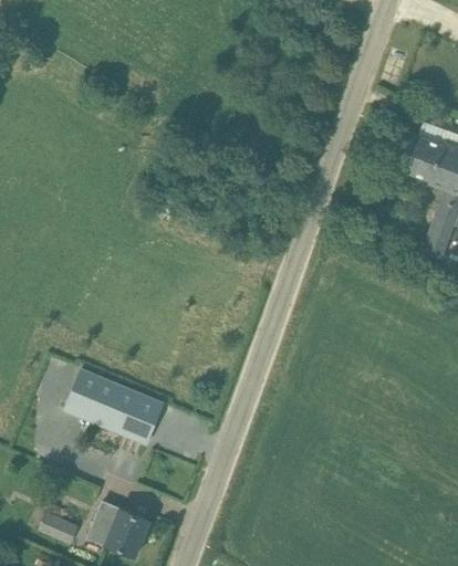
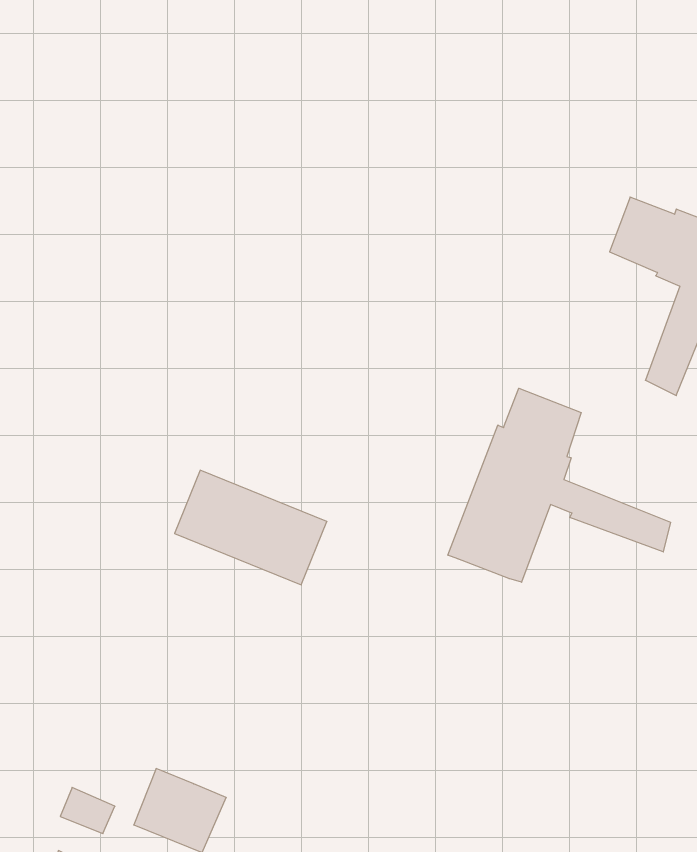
building: none -> [448,388,671,582]
building: [70,368,168,442] -> [175,470,327,585]

